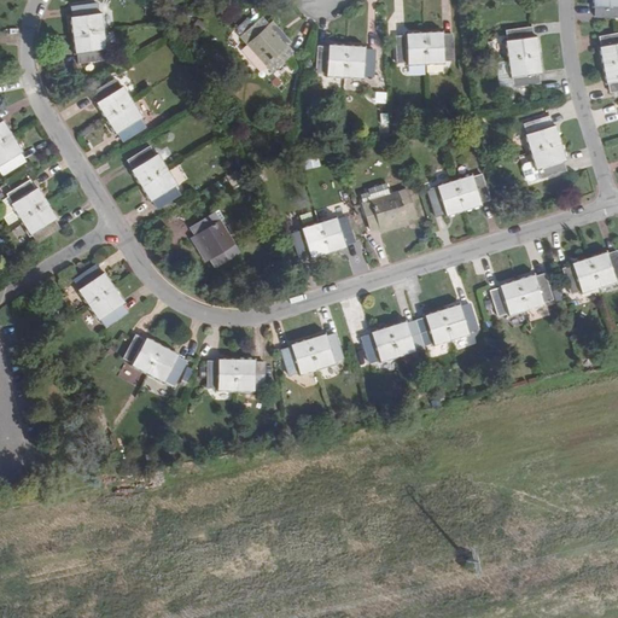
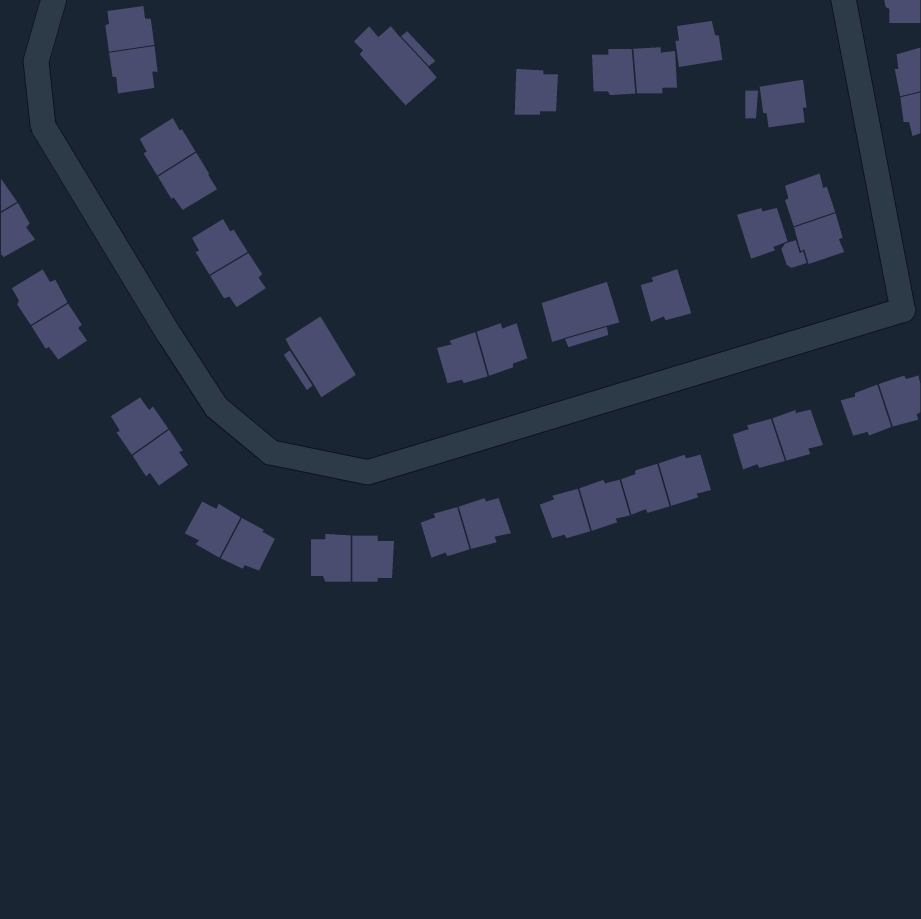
building: [506,27,538,58] -> [675,20,723,67]
building: [316,43,345,77] -> none
building: [454,175,489,210] -> [736,207,788,260]

